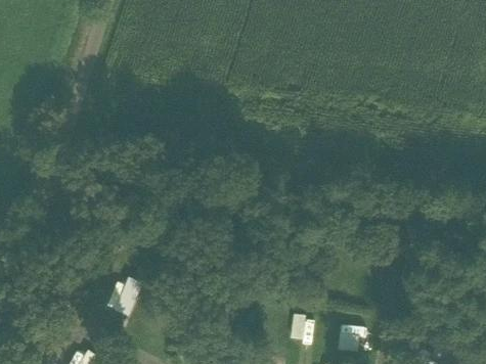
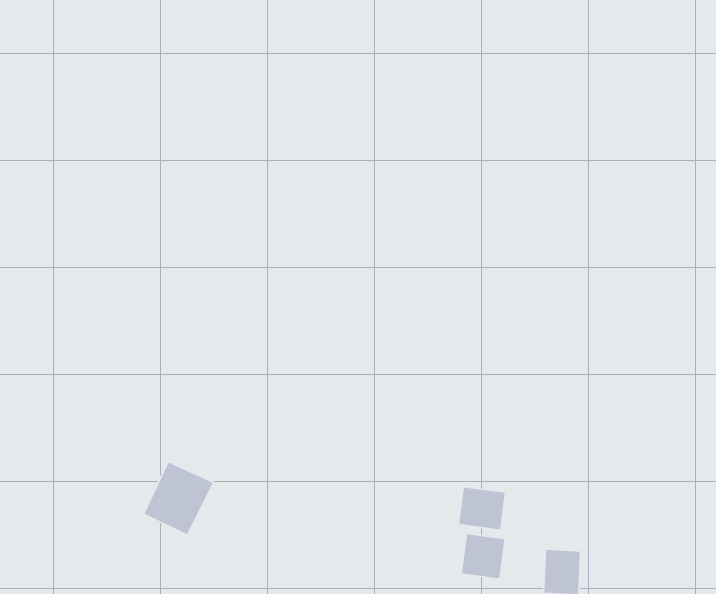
building: none -> [459,487,505,530]

